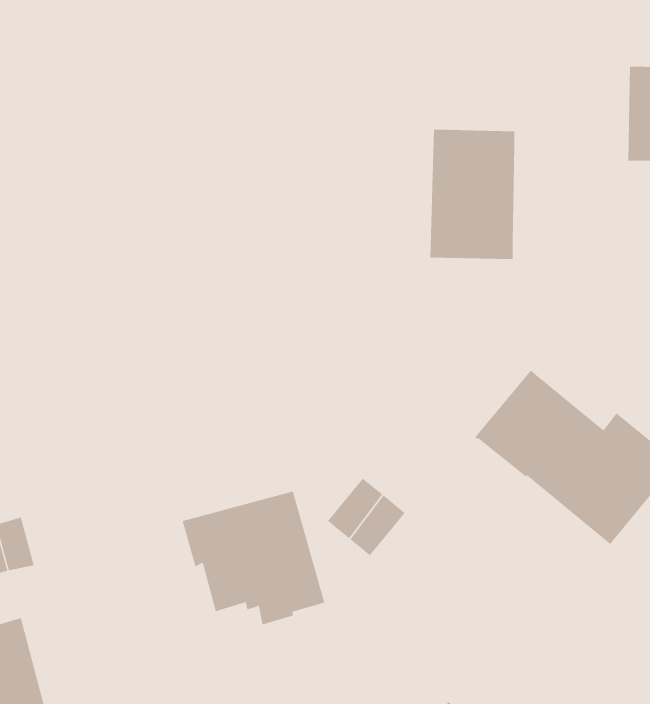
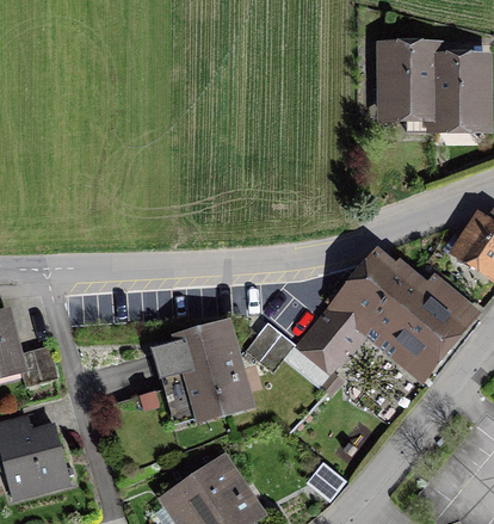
building: [430,129,515,260] -> [387,50,441,134]
building: none -> [300,300,376,378]

